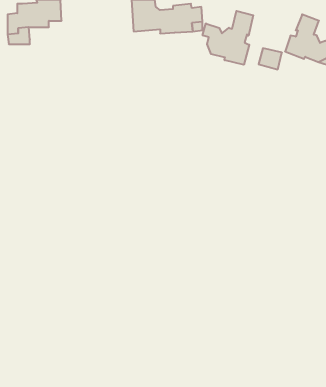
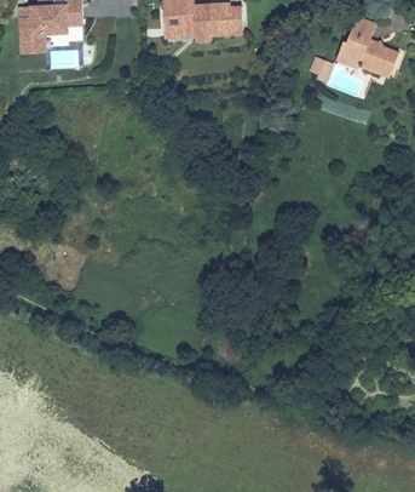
building: [203,11,253,65] -> none

